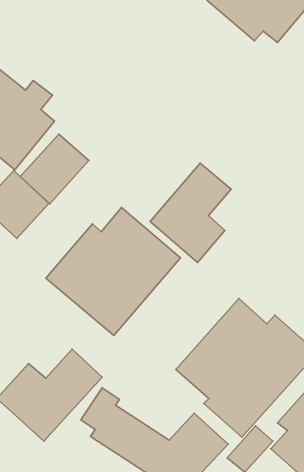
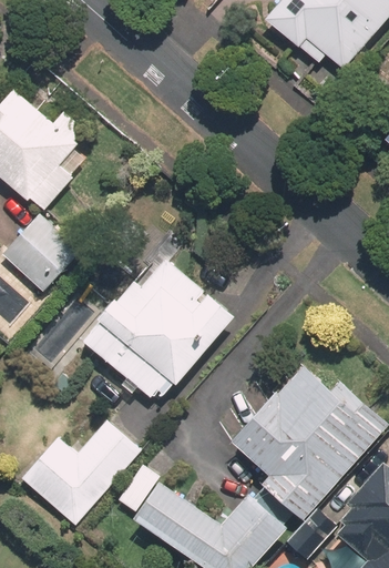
building: [20,134,89,204] -> none
building: [150,163,231,263] -> none

